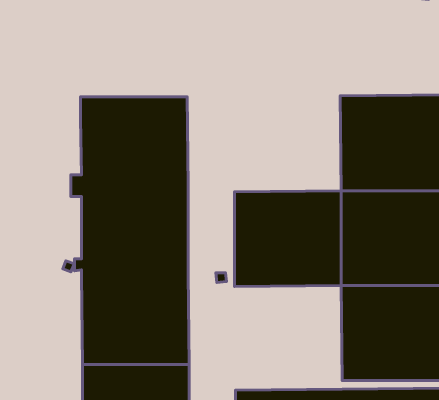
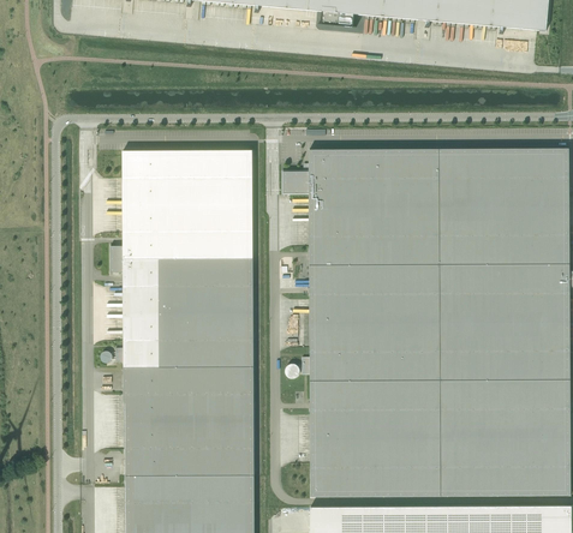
building: none -> [283,150,440,266]
building: none -> [310,381,441,497]

